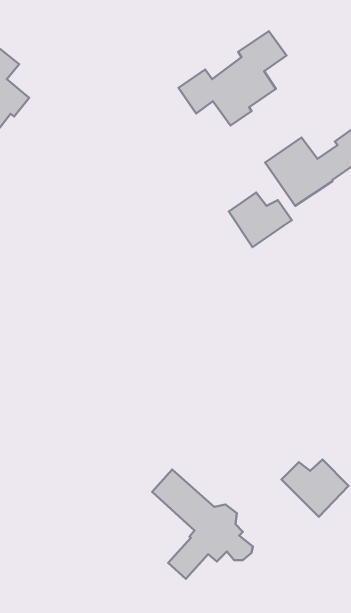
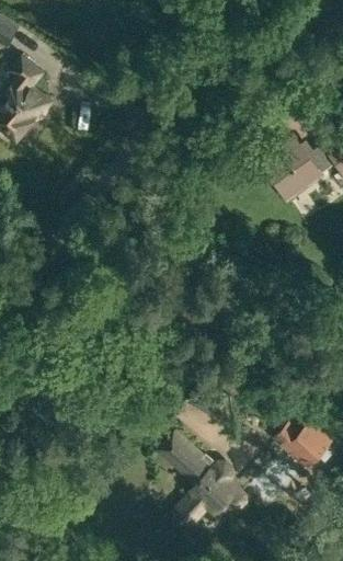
building: [178,31,287,126] -> none
building: [229,193,292,247] -> none

